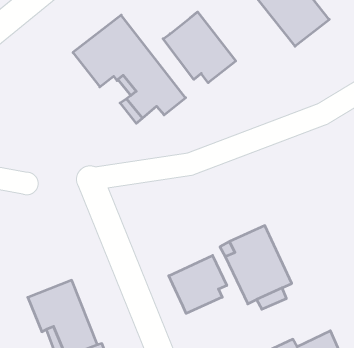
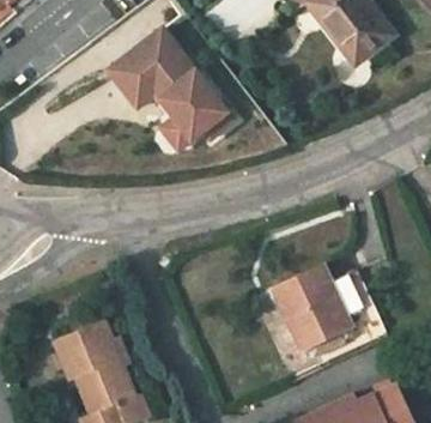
building: [163,12,236,83] -> none
building: [169,255,227,313] -> none

